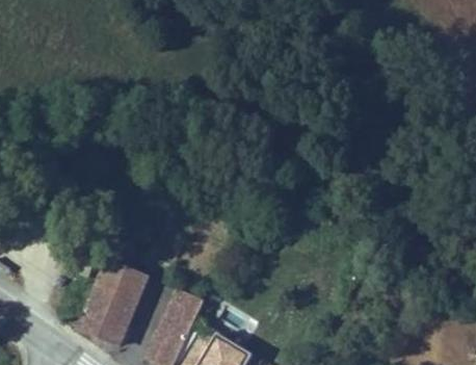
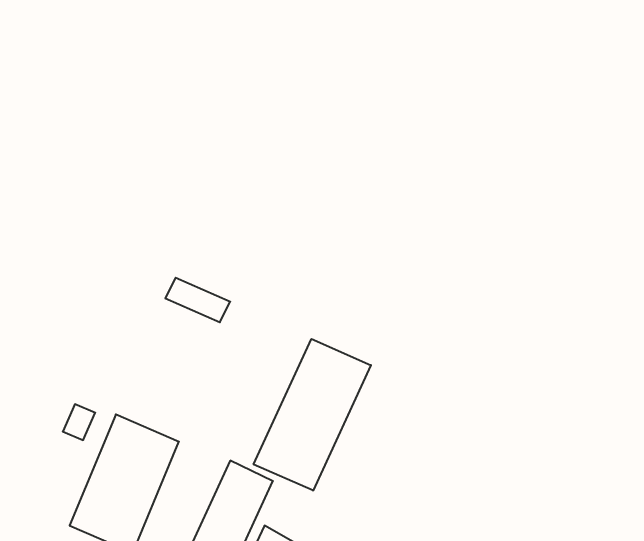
building: none -> [254,339,371,491]

